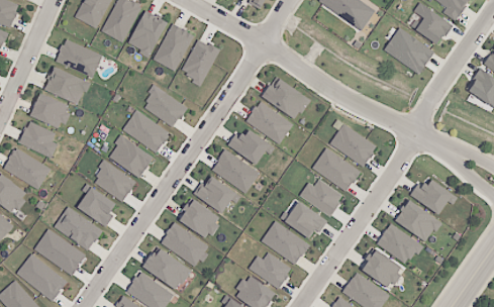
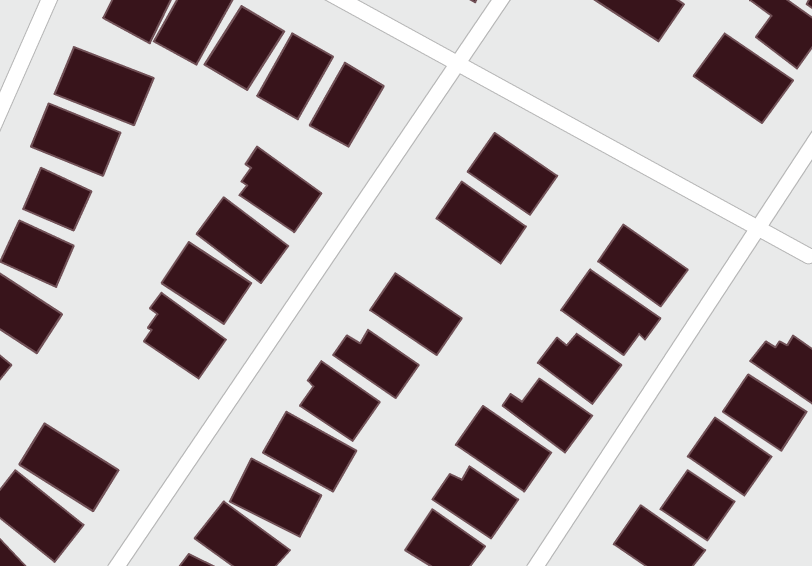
building: [229,131,274,168] -> none
building: [76,186,116,224] -> none
building: [52,205,101,249] -> none

